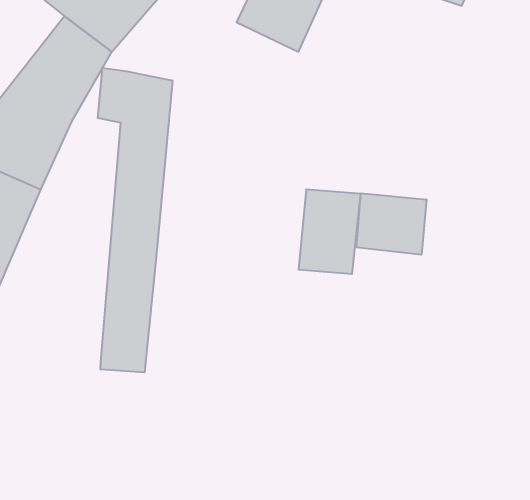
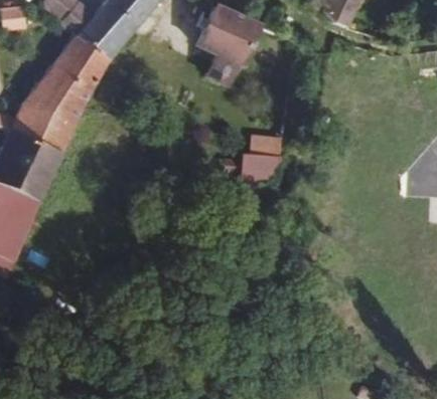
building: [98,68,172,372] -> none
building: [357,193,427,255] -> none

